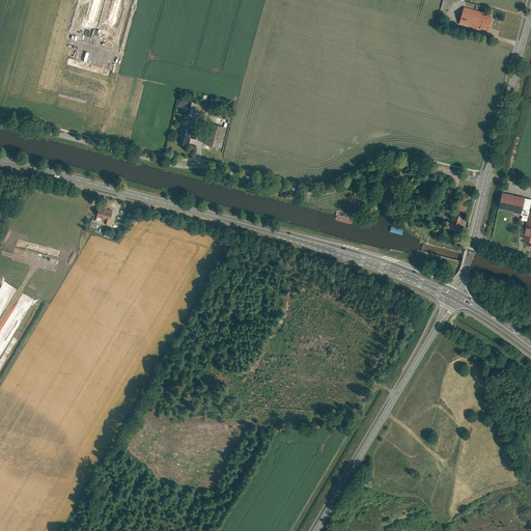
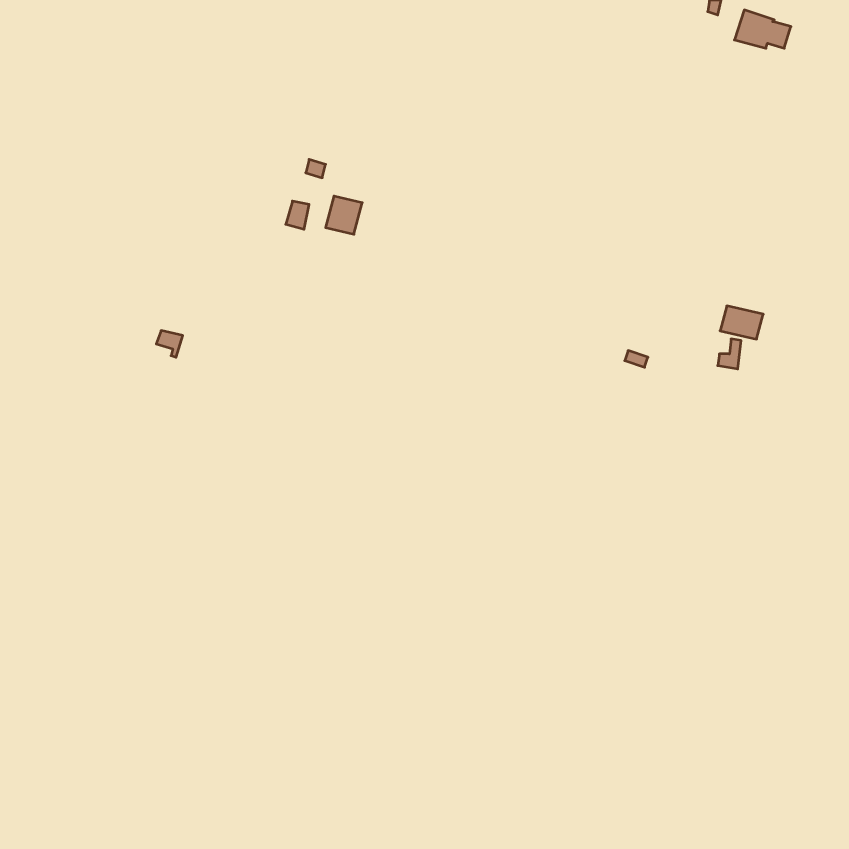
building: [499,193,526,214] -> [720,306,763,339]

